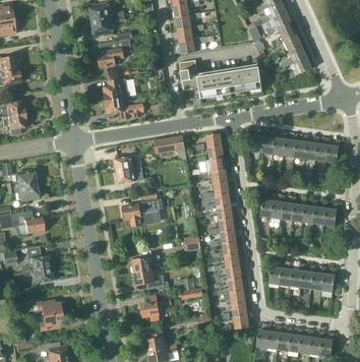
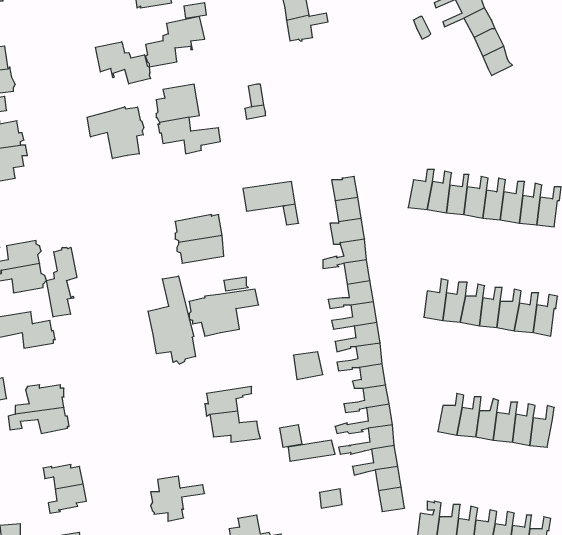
building: none -> [96,42,151,84]
building: [179,60,261,101] -> none
building: none -> [87,107,144,159]
building: none -> [46,247,77,317]
building: none -> [148,276,196,364]
building: [139,295,171,321] -> [151,476,205,521]

